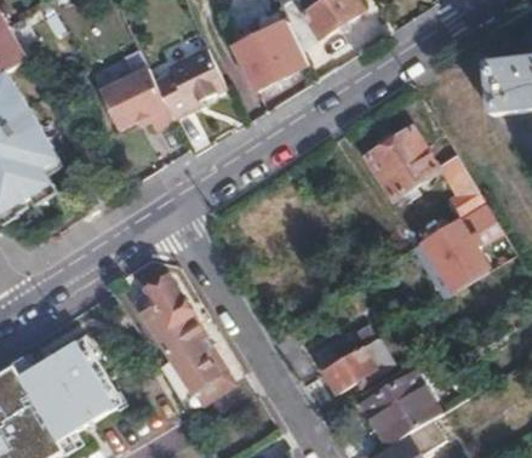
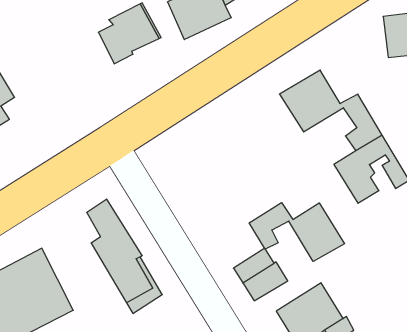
building: [99,68,175,131] -> none
building: none -> [249,203,345,261]

